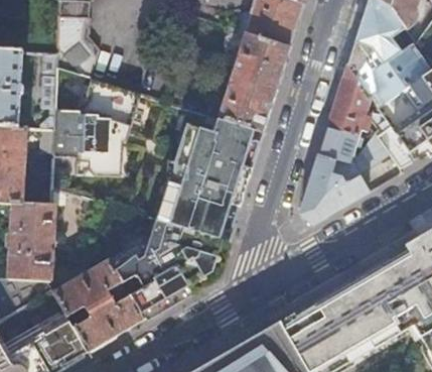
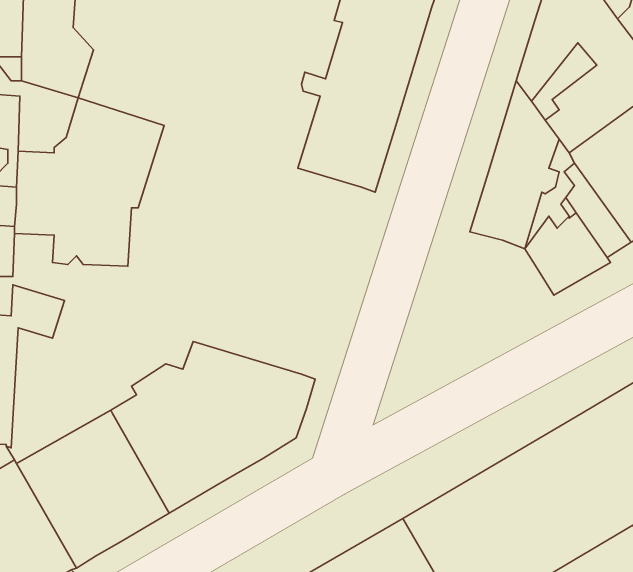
building: [152,105,264,239] -> none
building: [301,152,369,223] -> none

